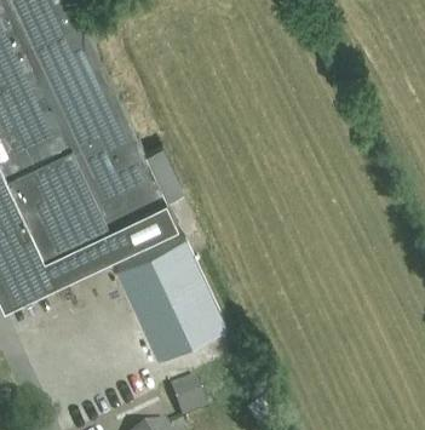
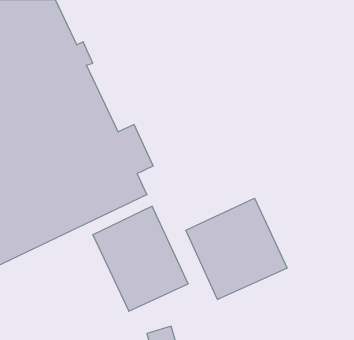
building: none -> [186,198,287,300]

